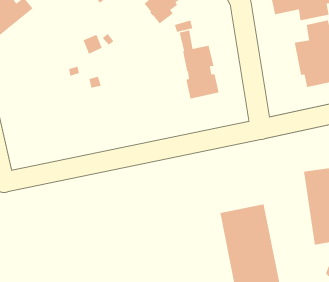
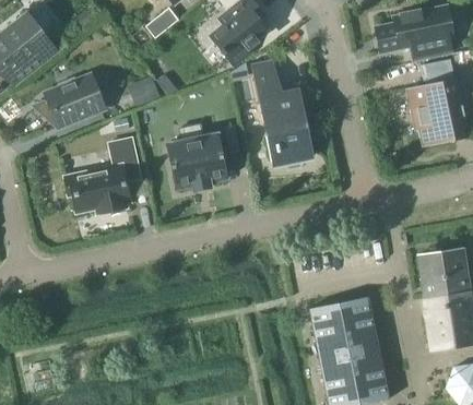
building: none -> [43,75,104,126]
building: none -> [166,123,227,190]
building: none -> [64,138,138,213]

